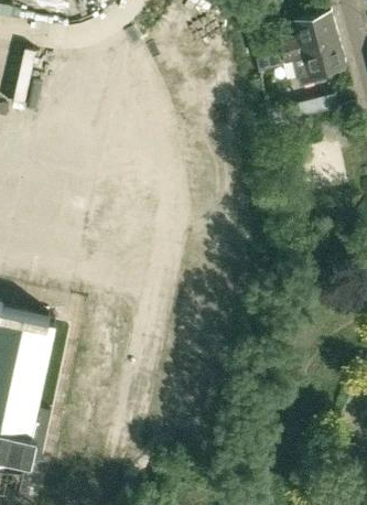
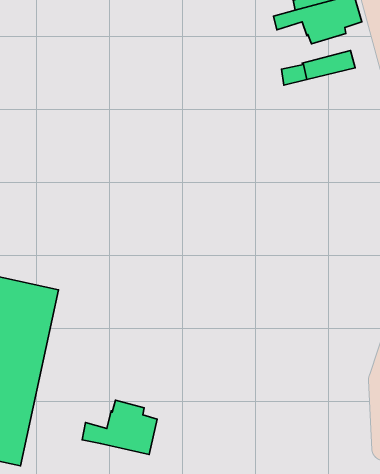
building: none -> [82,400,157,454]

